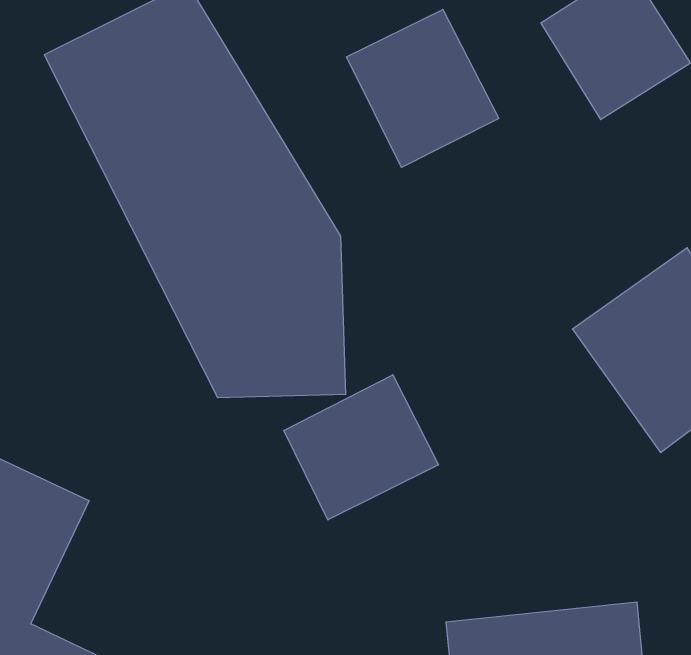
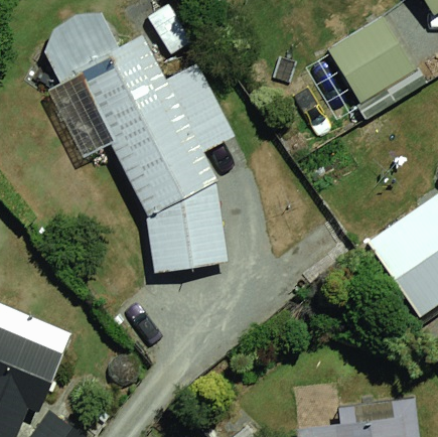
building: [346,9,499,167] -> none
building: [284,375,438,520] -> none

